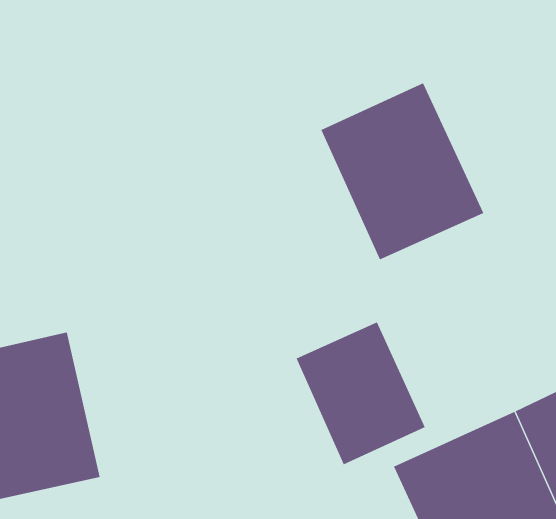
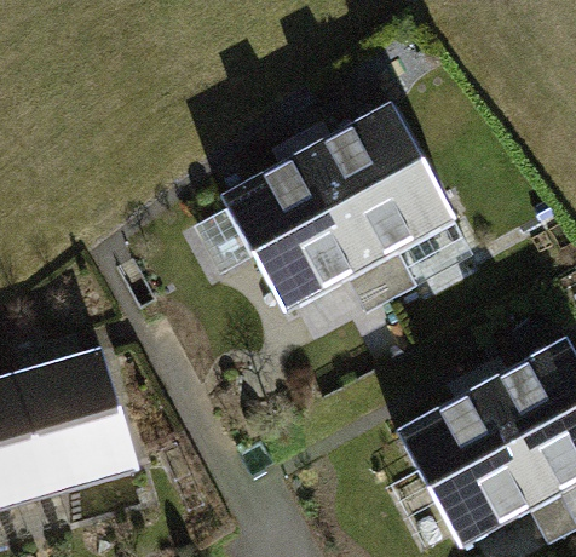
building: none -> [215,150,378,316]
building: [296,321,425,465] -> none

